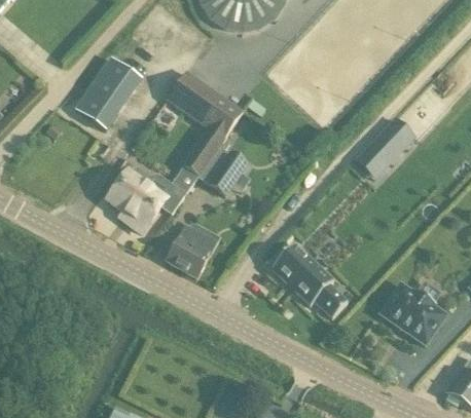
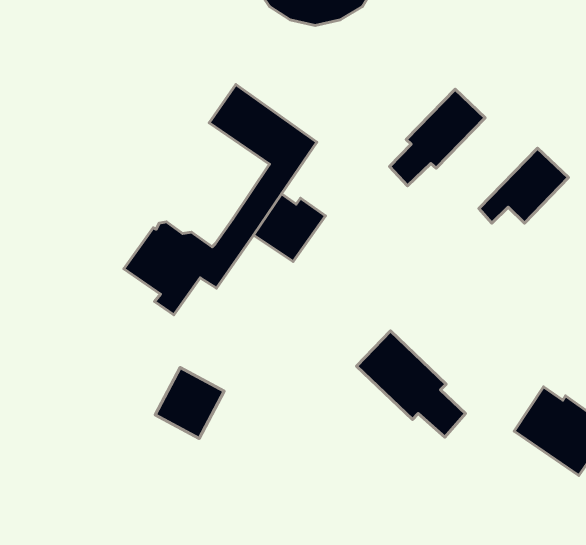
building: [77,55,141,129] -> none
building: none -> [389,89,485,186]
building: [167,228,215,277] -> [155,368,224,438]

